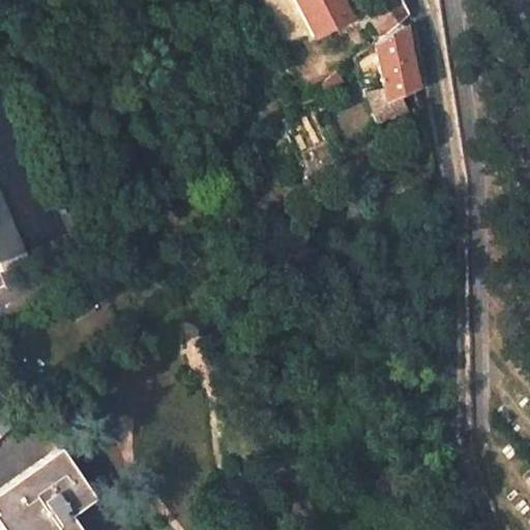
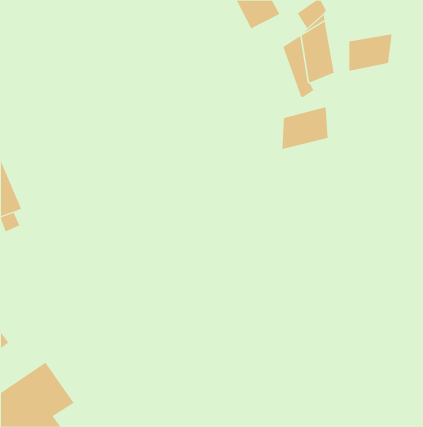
building: none -> [349,33,392,71]
building: none -> [282,106,328,150]

